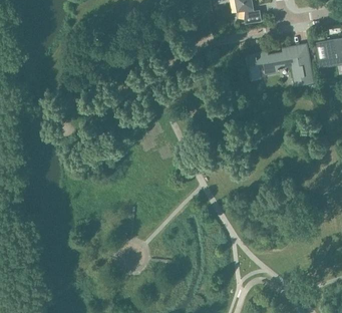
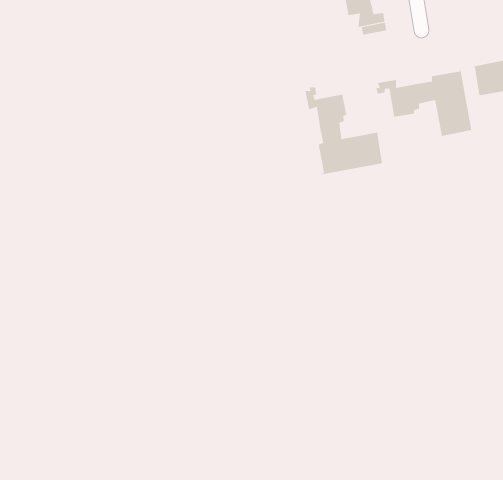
building: none -> [305,86,383,175]

